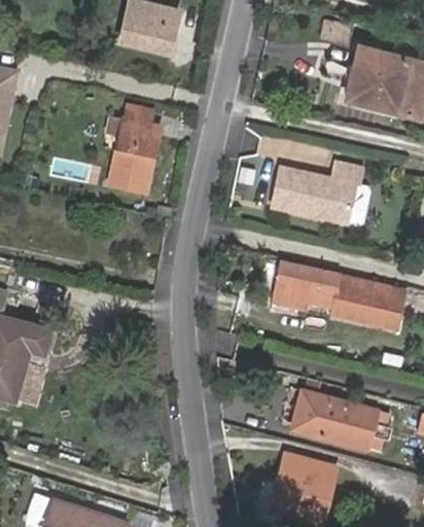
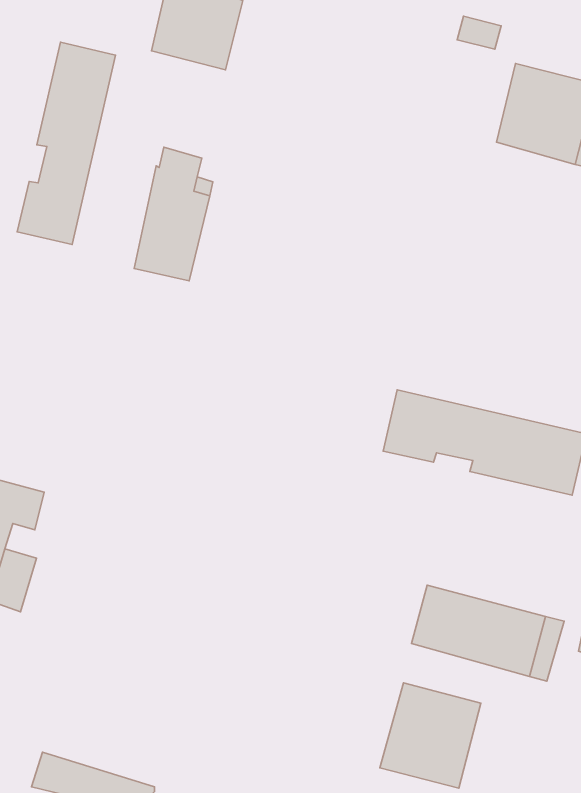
building: none -> [17,42,116,245]
building: [269,163,362,222] -> none

